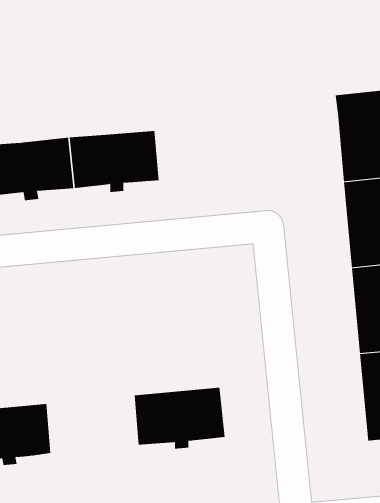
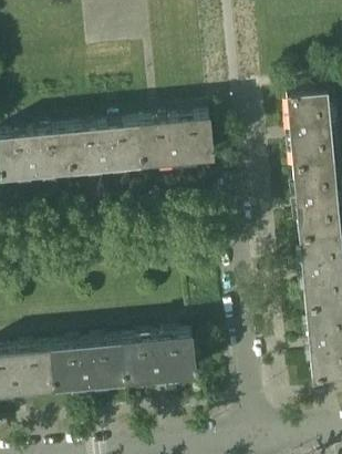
building: none -> [139,117,215,168]
building: none -> [51,341,125,392]

